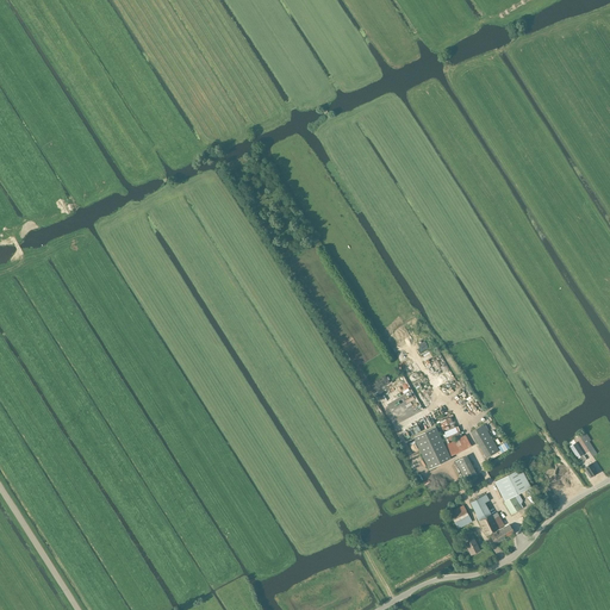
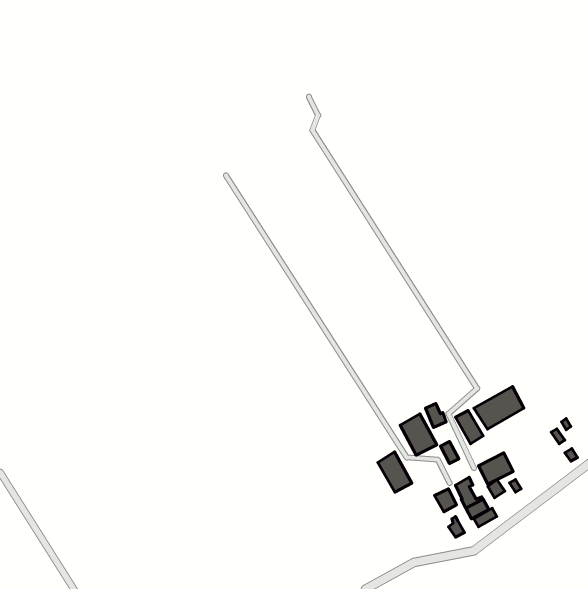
building: none -> [474,386,524,429]
building: none -> [378,452,412,492]

